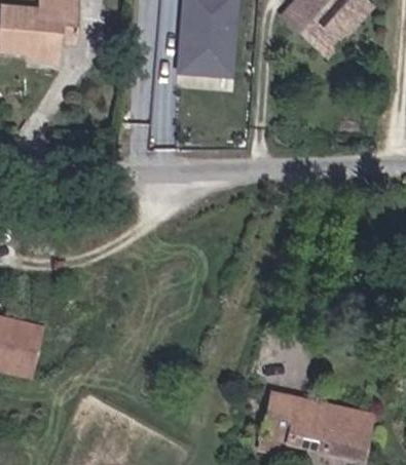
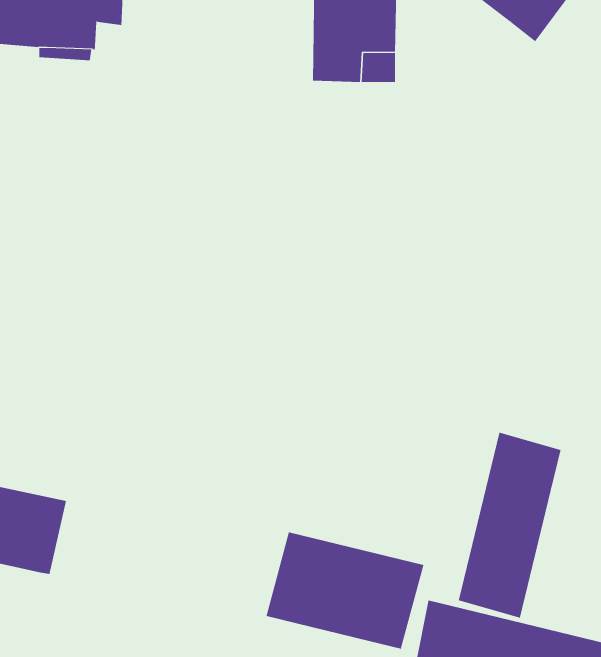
building: none -> [458,432,561,619]
building: none -> [266,532,424,650]

